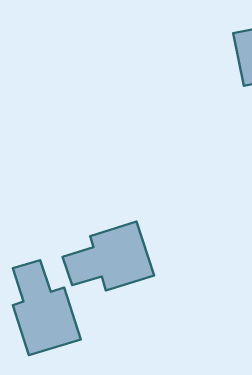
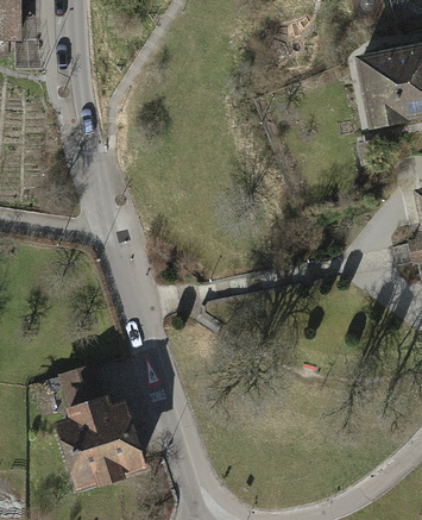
building: [63,221,154,290] -> none

